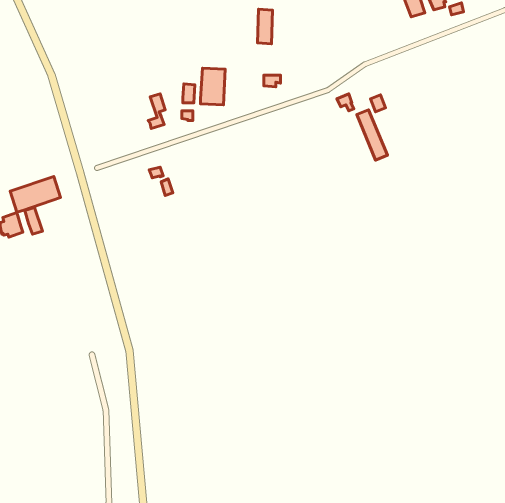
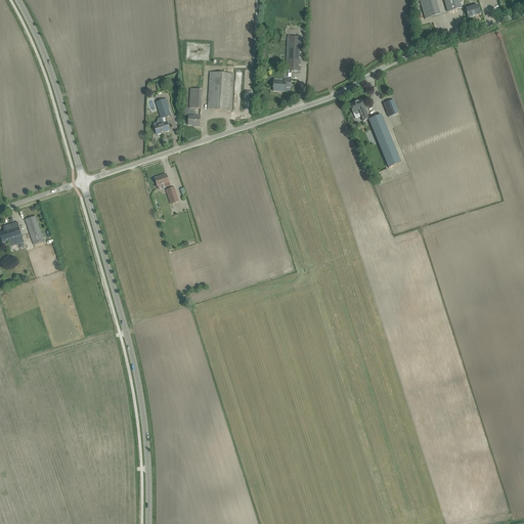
building: [258,9,272,44] -> [287,35,302,71]
building: [10,177,60,212] -> none

